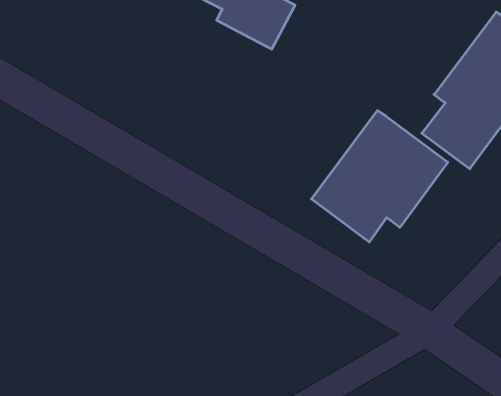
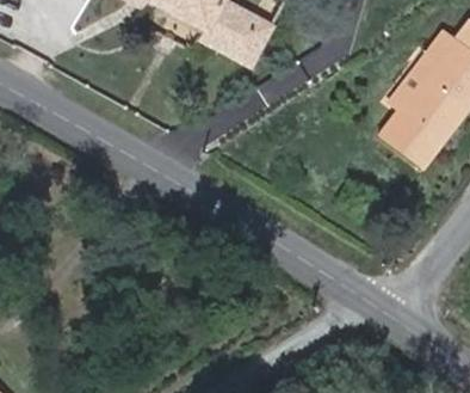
building: [311,111,448,242] -> none

